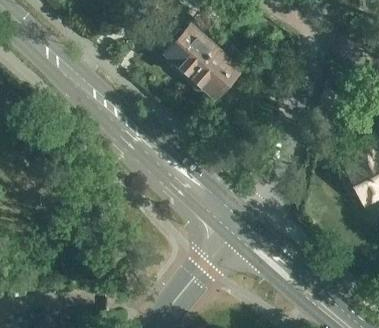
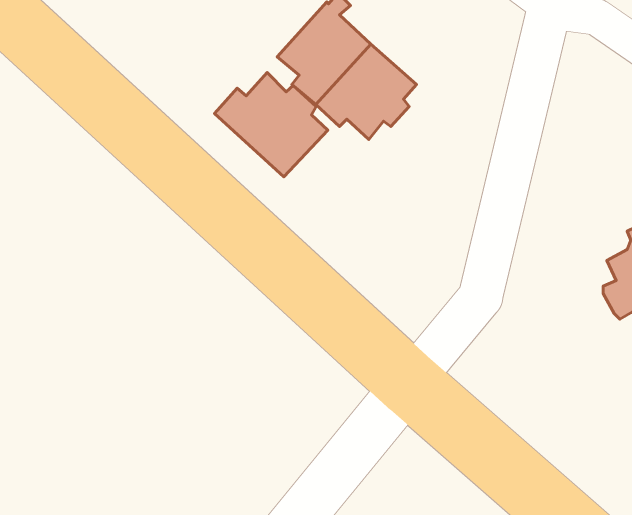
building: none -> [215,73,328,177]

